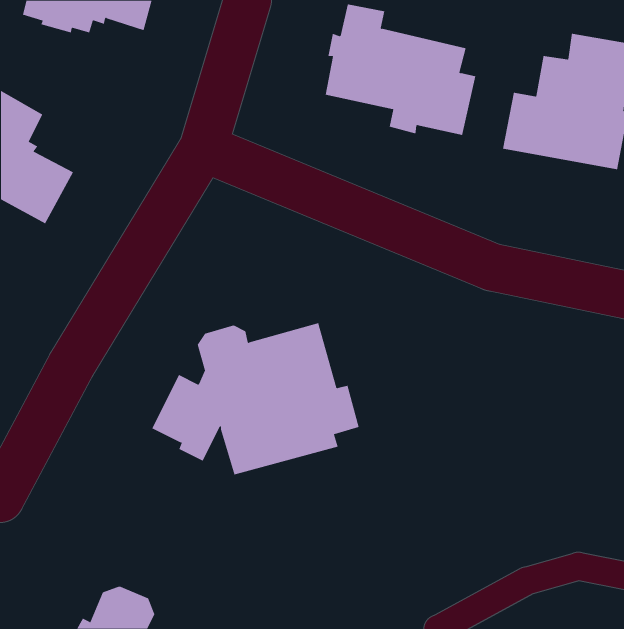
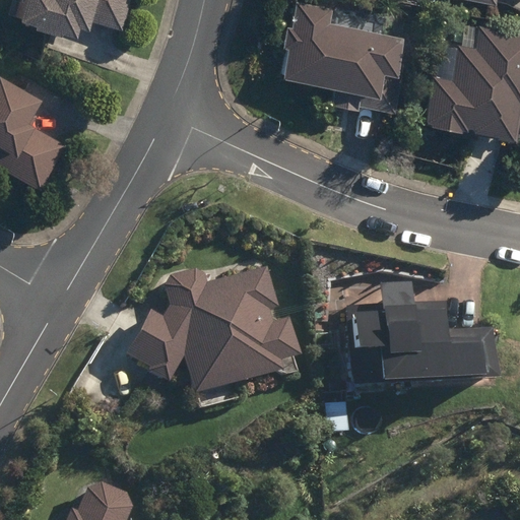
building: none -> [350,283,500,385]

